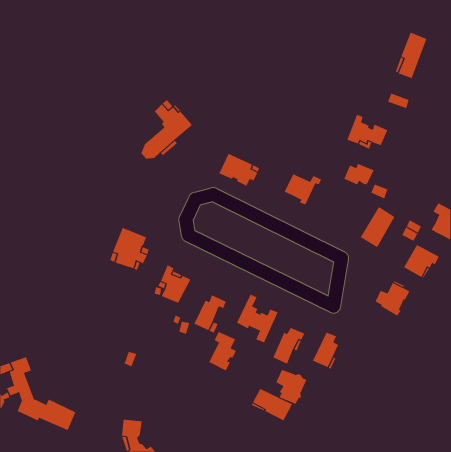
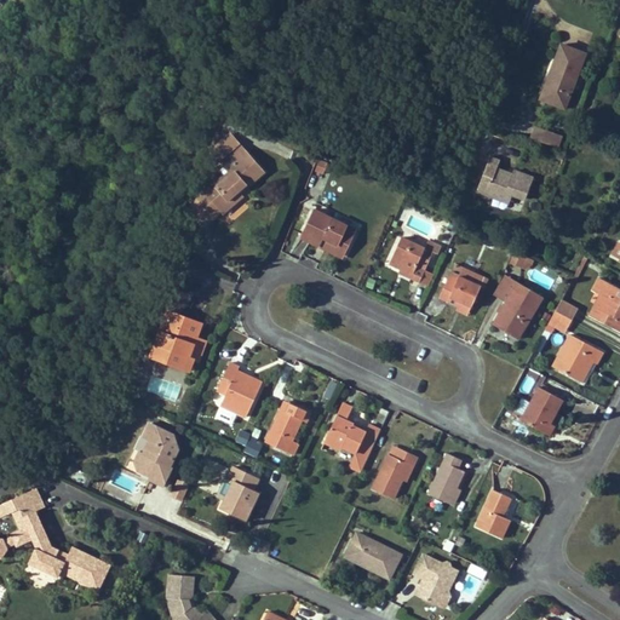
building: [343,163,374,185] -> [438,276,481,306]
building: none -> [134,423,178,484]
building: [209,331,237,371] -> [222,466,260,521]
building: none -> [476,490,511,539]
building: [275,369,307,405] -> [413,556,457,604]

